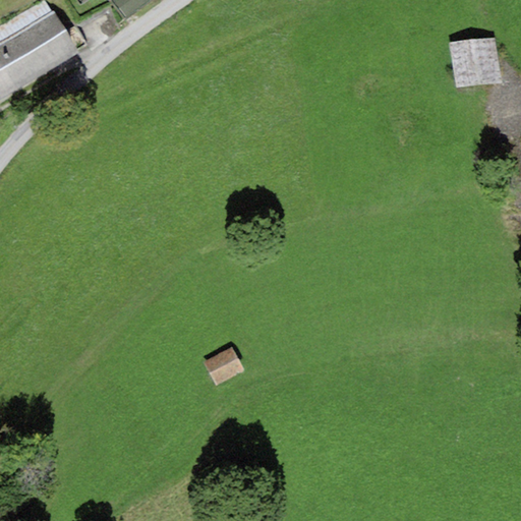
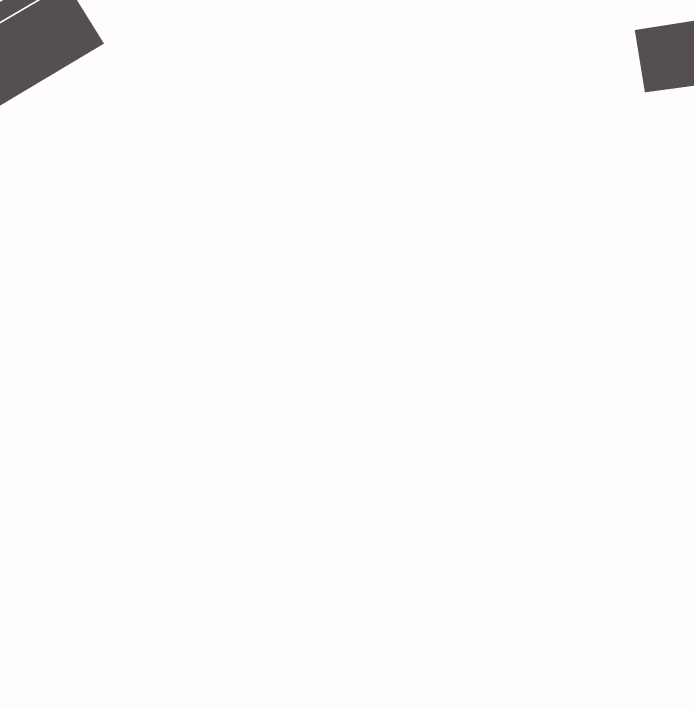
building: [204,346,243,384] -> none

